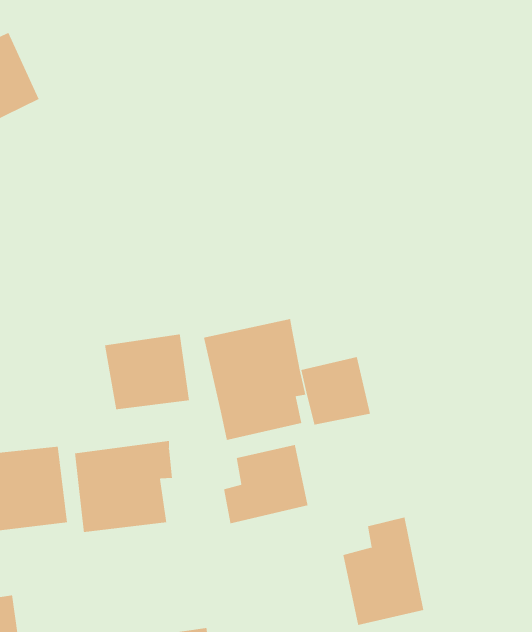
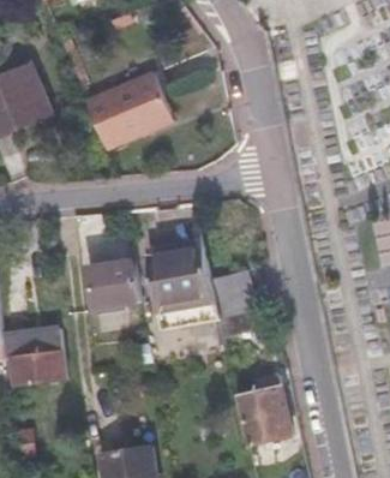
building: none -> [88,76,175,153]
building: [75,440,173,533] -> none
building: [223,444,308,524] -> none

